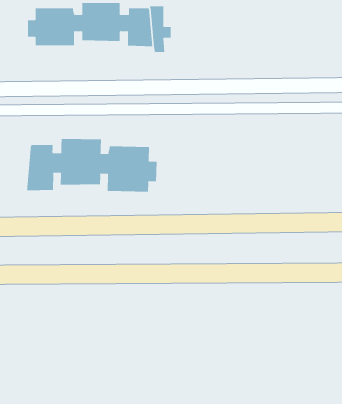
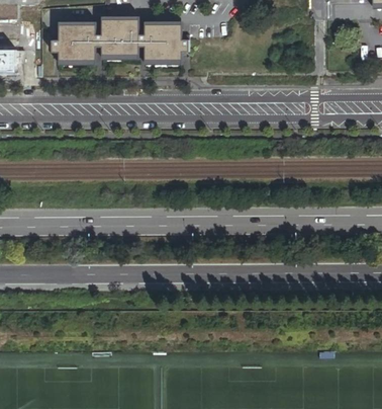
building: [27,138,157,192] -> none

